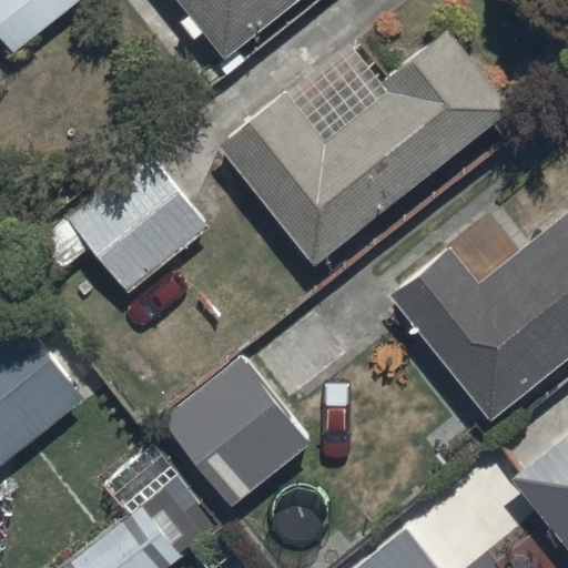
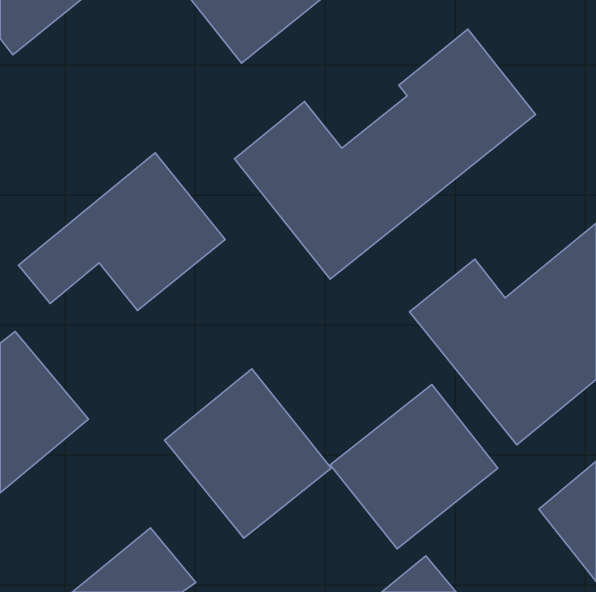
building: none -> [330,384,498,549]

